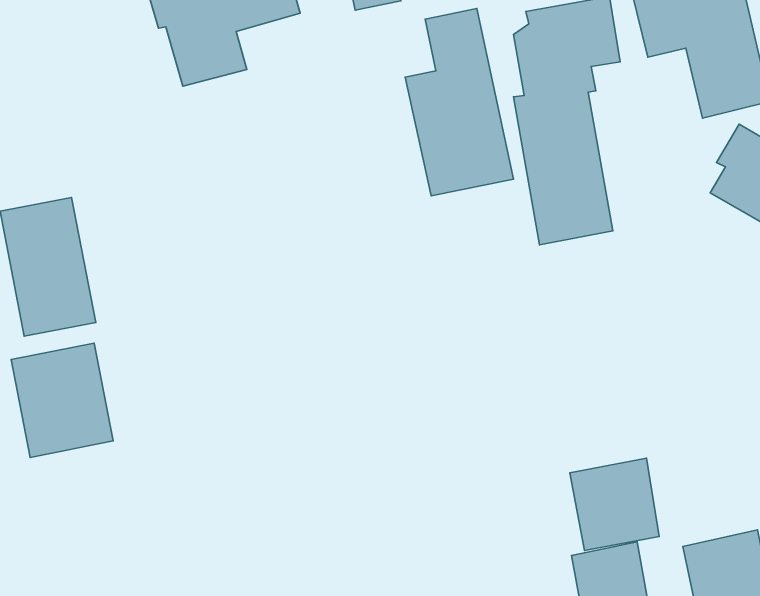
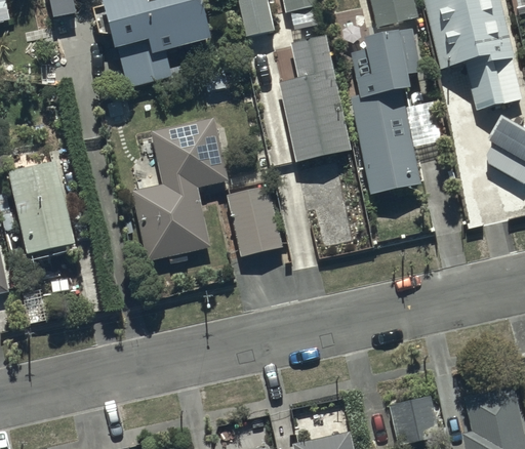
building: none -> [132,117,227,258]
building: none -> [227,185,284,256]
building: [11,343,113,457] -> none
building: [570,458,659,551] -> none

